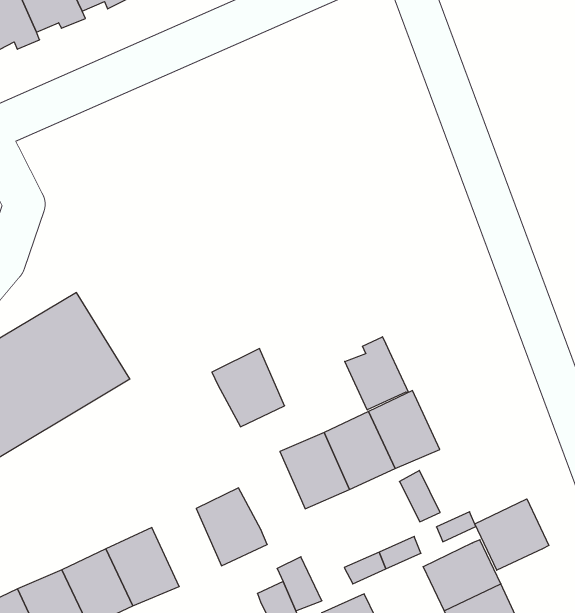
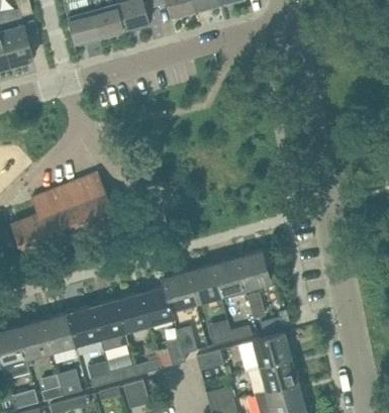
building: [345,337,408,410] -> none
building: [212,349,285,427] -> [162,272,196,310]
building: [475,499,549,570] -> none
building: none -> [116,294,149,332]

